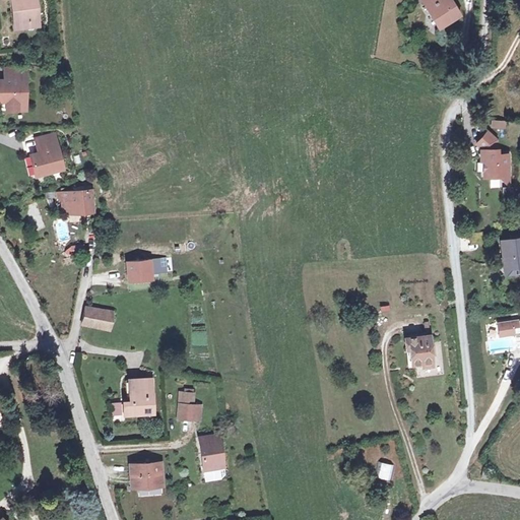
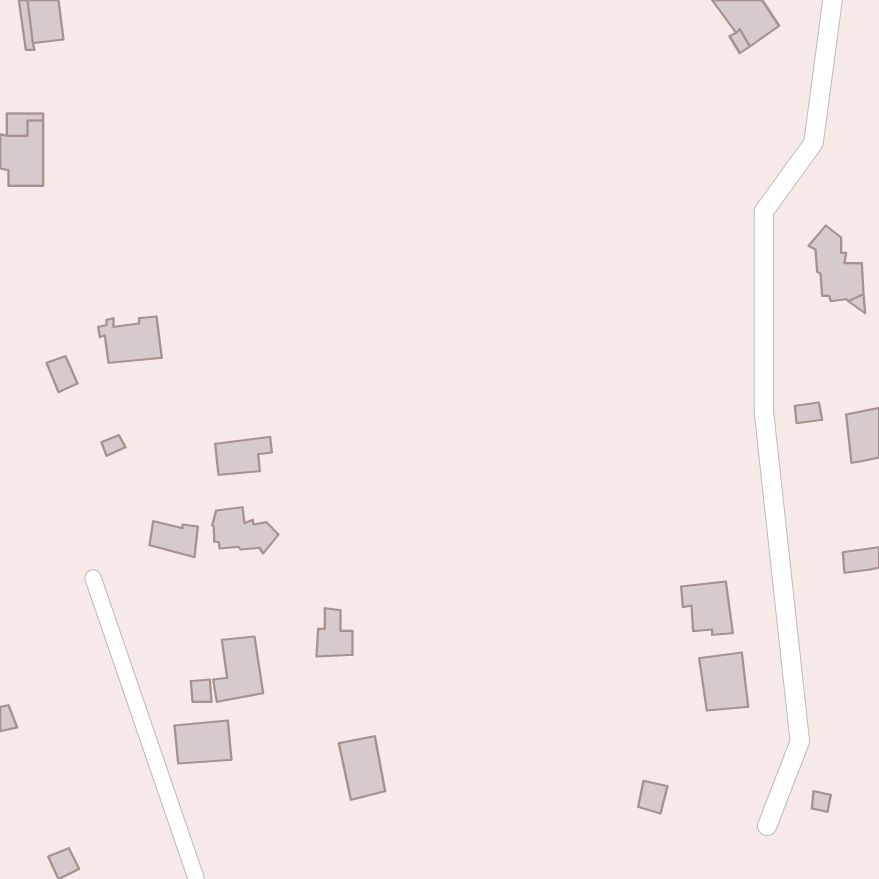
building: [32,134,66,176] -> none
building: none -> [212,507,279,554]
building: none -> [699,652,748,710]
building: [179,394,200,422] -> [316,608,352,656]
building: [131,463,165,489] -> [175,720,231,763]

